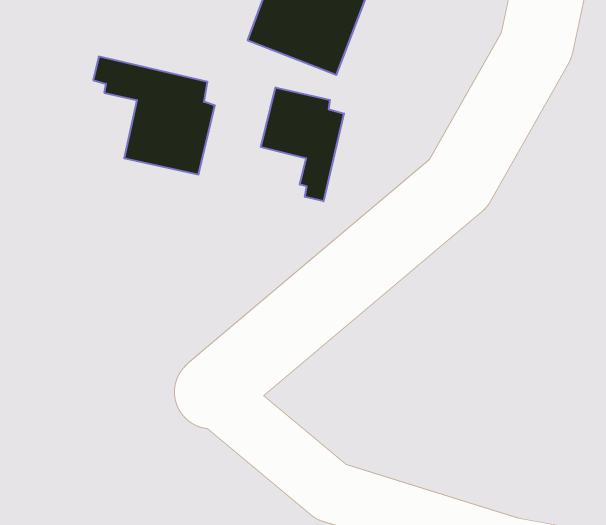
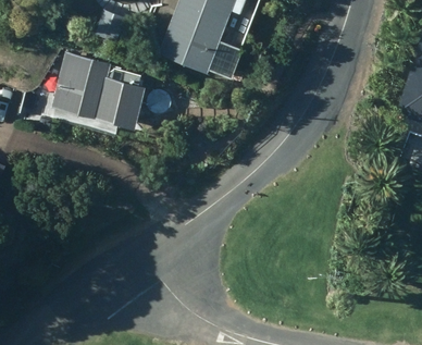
building: [261,87,344,201] -> none

